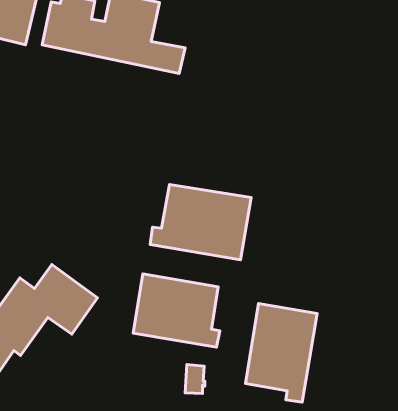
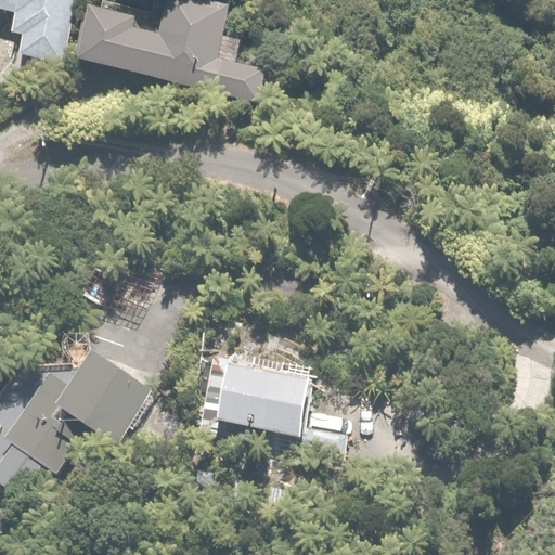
building: [150,184,251,260] -> none
building: [246,304,317,402] -> none

